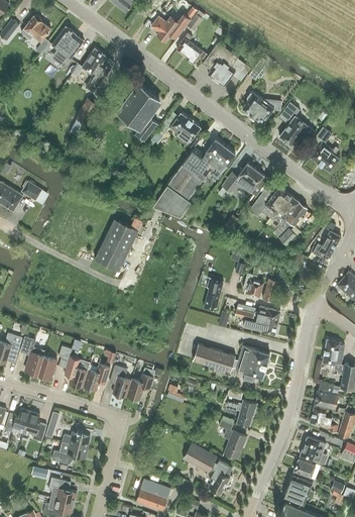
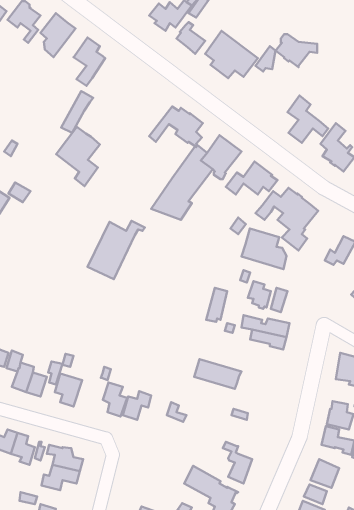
building: [119,86,159,140] -> [56,127,100,186]
building: [242,93,280,123] -> [275,34,317,67]
building: none -> [242,228,286,269]
building: [236,345,270,381] -> none
building: [84,364,110,391] -> none
building: [227,400,257,426] -> none

